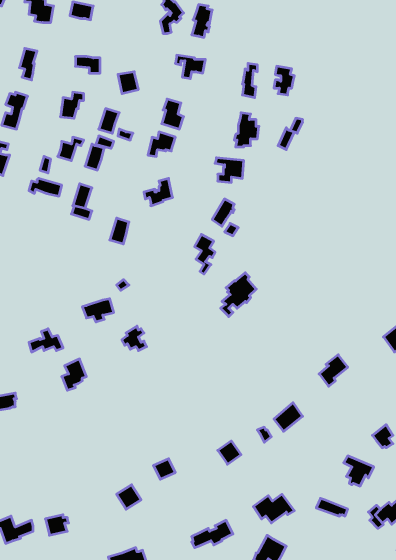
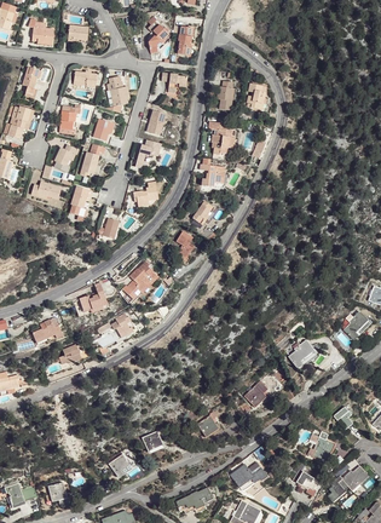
building: [221,273,256,317] -> [127,260,158,299]

